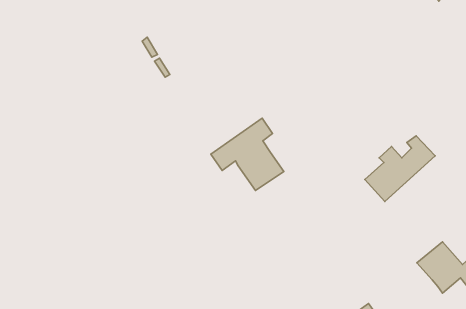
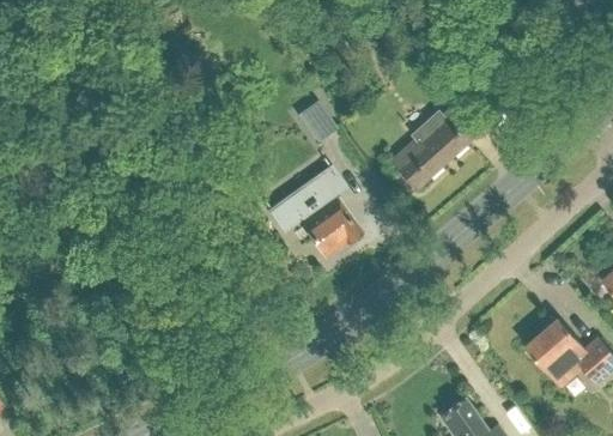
building: none -> [297,99,335,140]
building: [365,136,435,202] -> [394,107,482,189]

